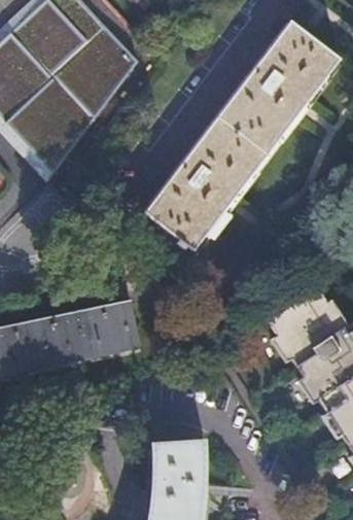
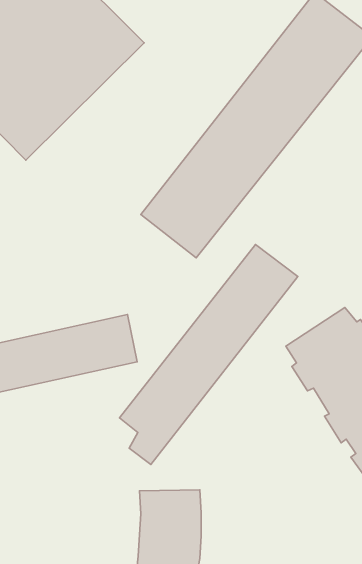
building: none -> [119,244,298,464]

